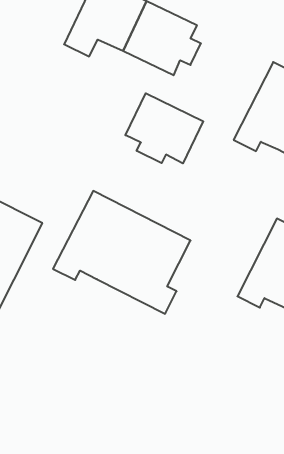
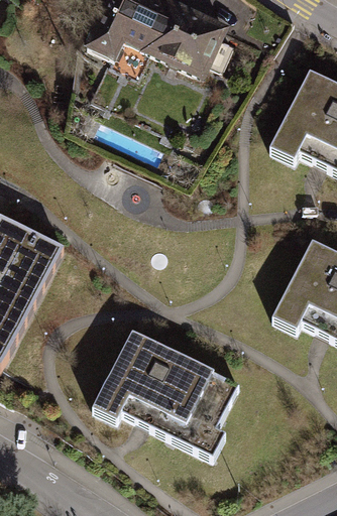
building: [125,93,203,163] -> none
building: [53,191,191,314] -> [91,327,239,459]

